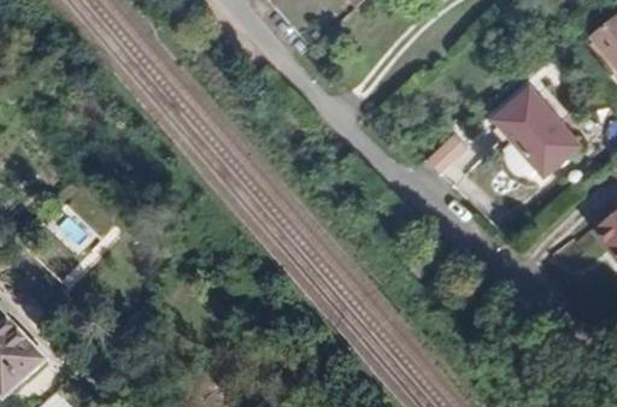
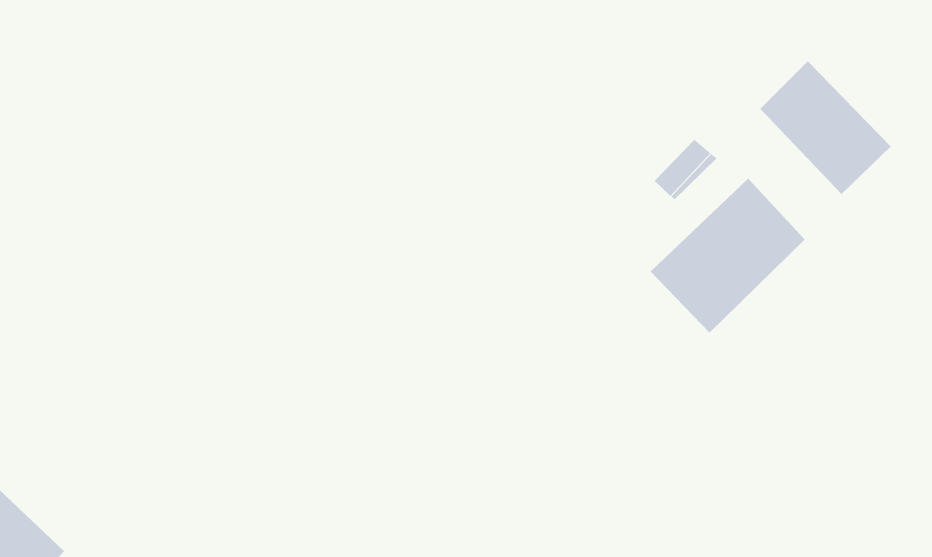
building: none -> [650,178,806,333]

